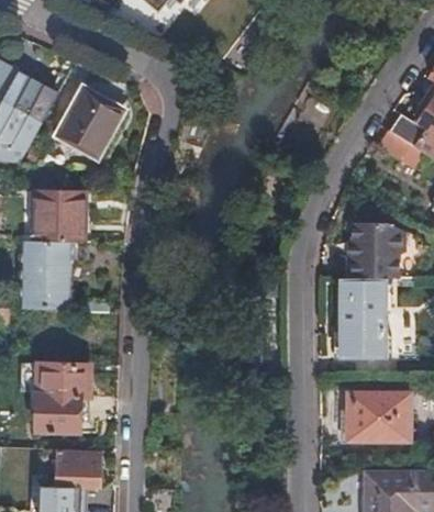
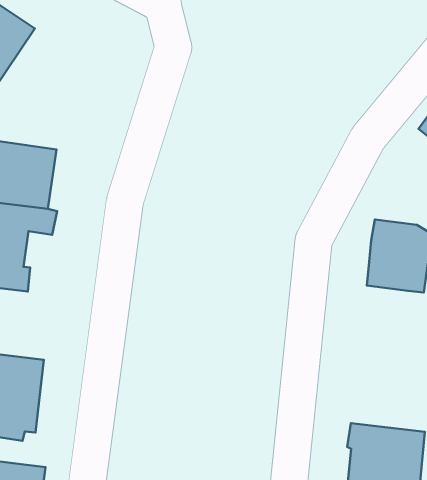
building: [53,86,125,160] -> none
building: [340,279,383,356] -> none

